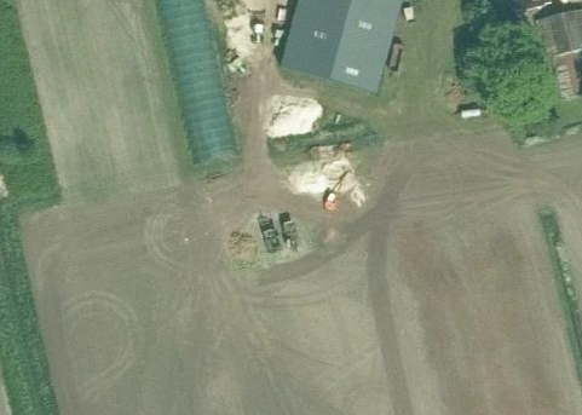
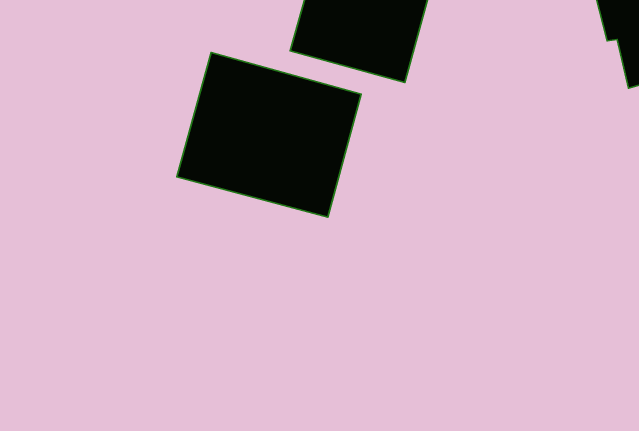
building: none -> [177,53,361,217]

